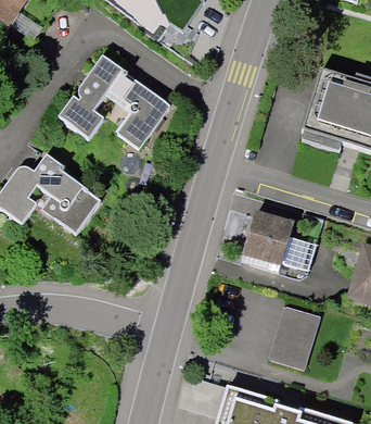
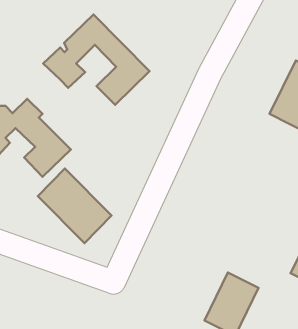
building: [241,214,316,272] -> none
building: none -> [38,169,112,243]

